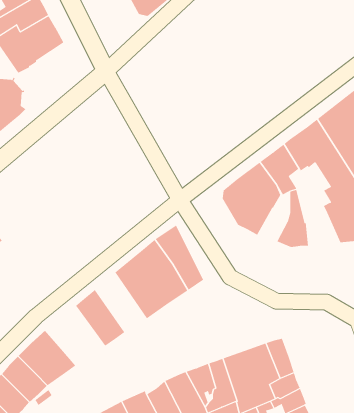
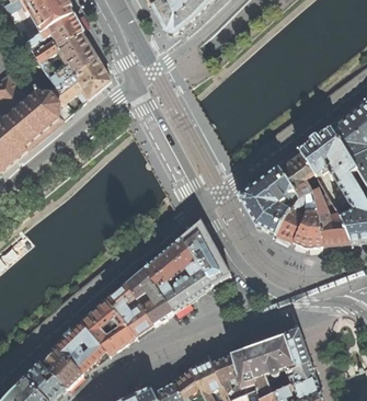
building: none -> [53,57,111,117]
building: none -> [312,185,352,244]
building: none -> [276,194,306,241]
building: none -> [127,268,174,323]
building: none -> [81,299,136,354]

